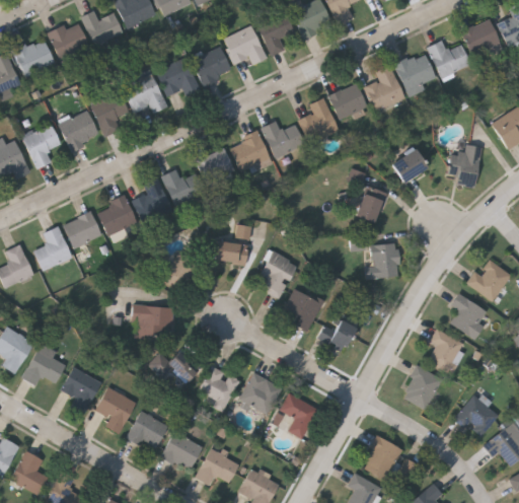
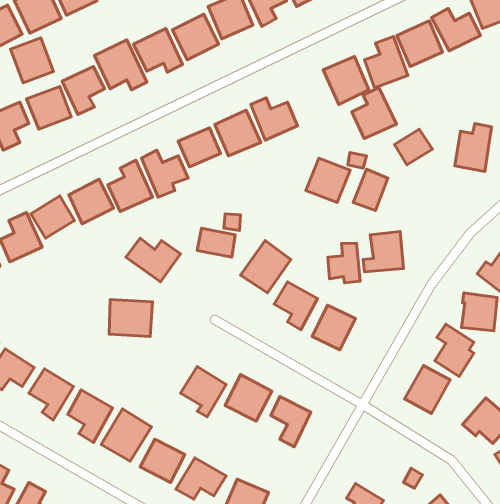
building: none -> [11,38,54,83]
building: [298,97,339,144] -> [352,87,397,139]
building: none -> [306,158,350,203]
building: none -> [328,243,360,283]
building: [147,351,199,382] -> none
building: [361,434,403,479] -> none

